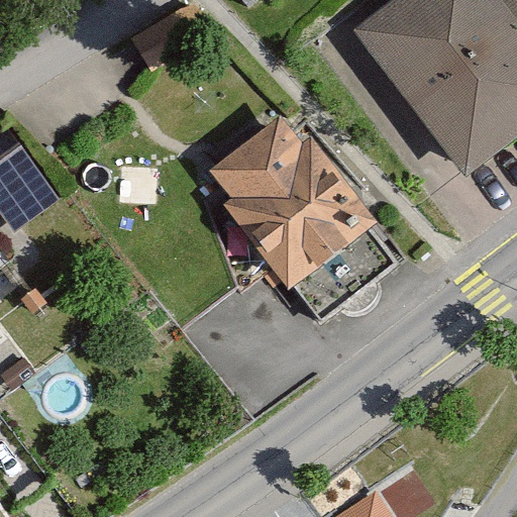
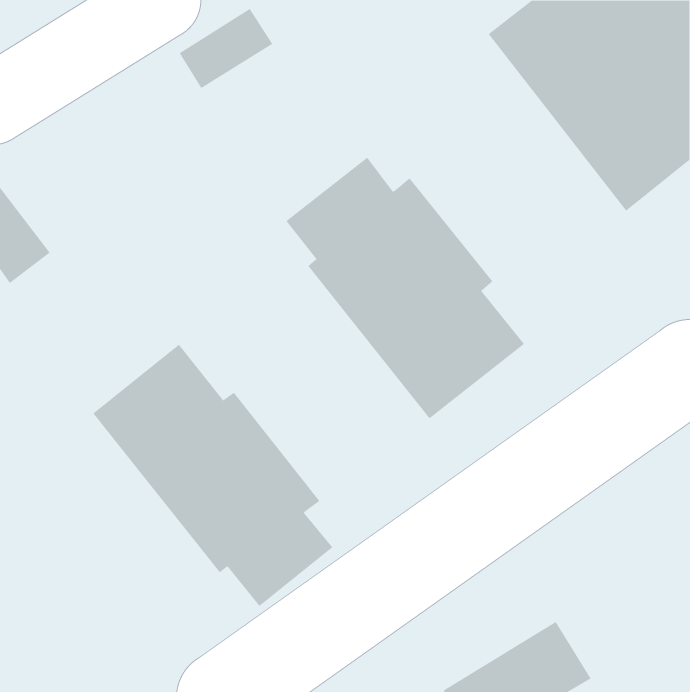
building: none -> [93,344,333,607]

